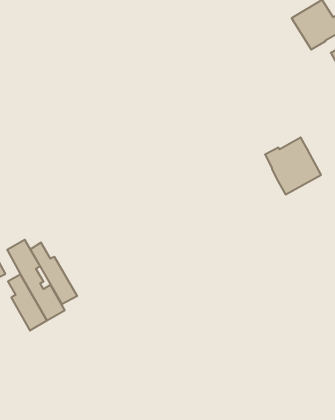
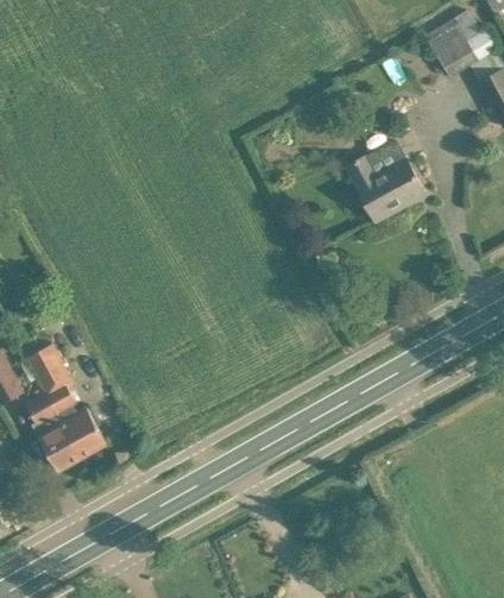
building: [265,137,321,194] -> [346,140,424,220]
building: [30,242,77,304] -> none

